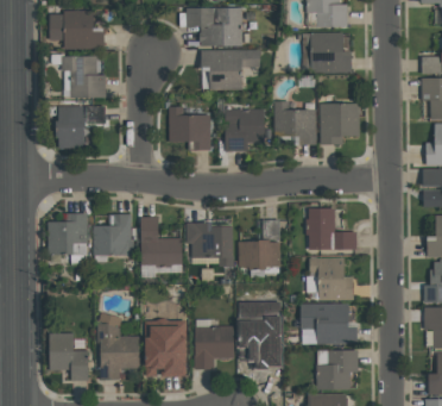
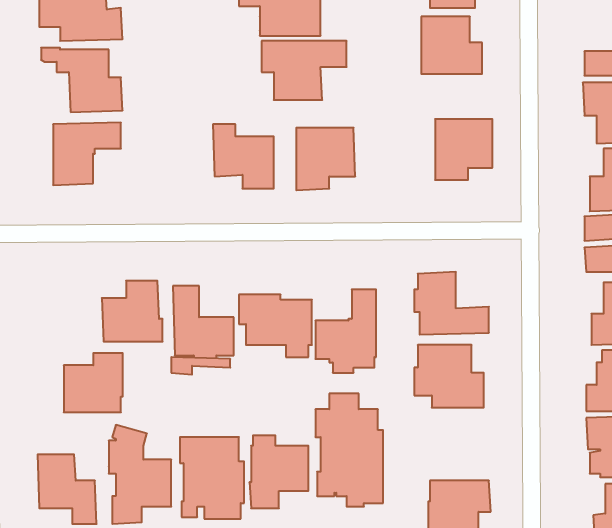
building: [273,100,316,144] -> none
building: [46,213,87,254] -> [64,353,123,412]
building: [298,304,359,344] -> none

